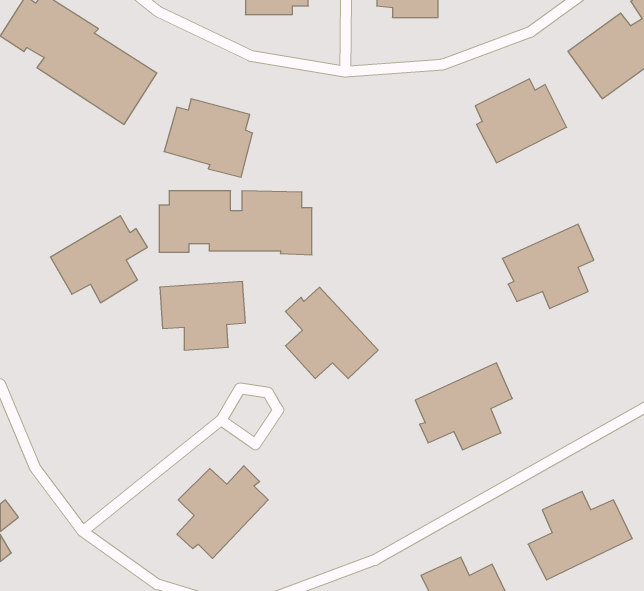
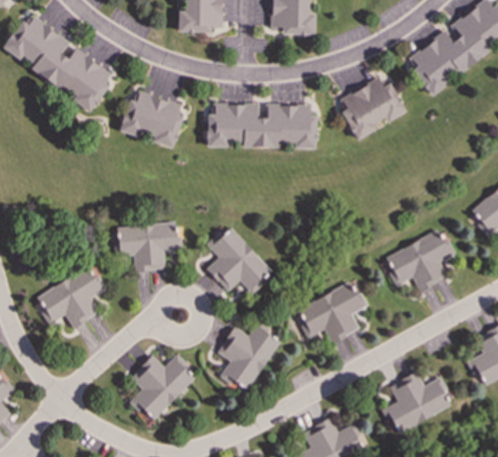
building: [159,191,312,255] -> [208,104,317,149]
building: [50,216,147,303] -> [38,266,107,328]
building: [502,224,594,309] -> [386,231,451,290]
building: none -> [217,325,278,390]

